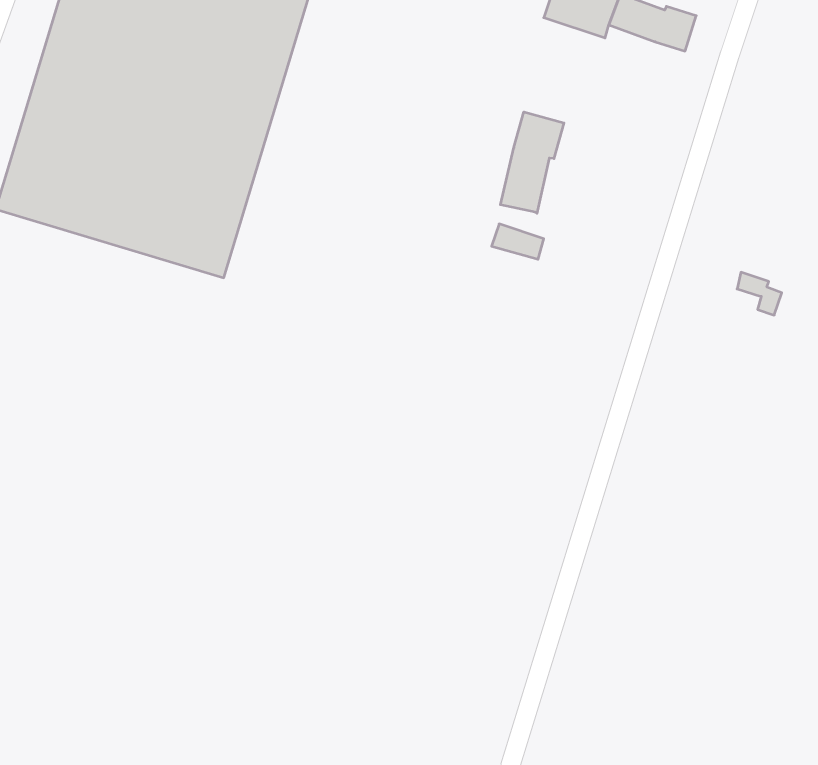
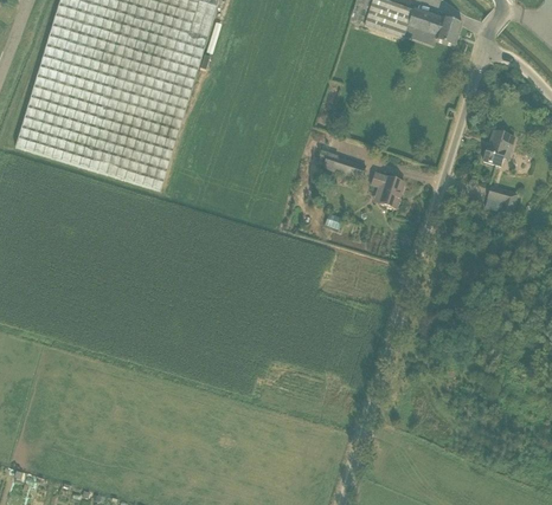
building: [500,112,564,213] -> none
building: none -> [484,127,516,161]
building: none -> [372,168,405,203]

